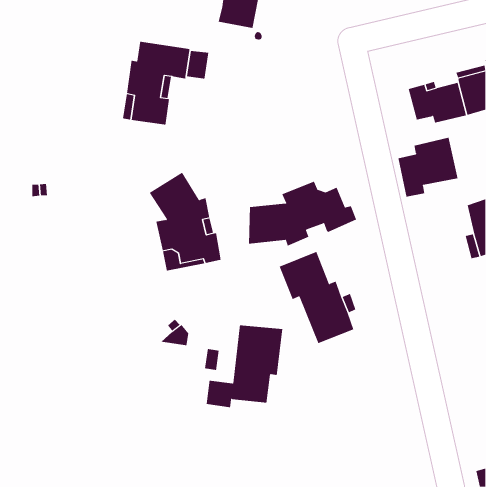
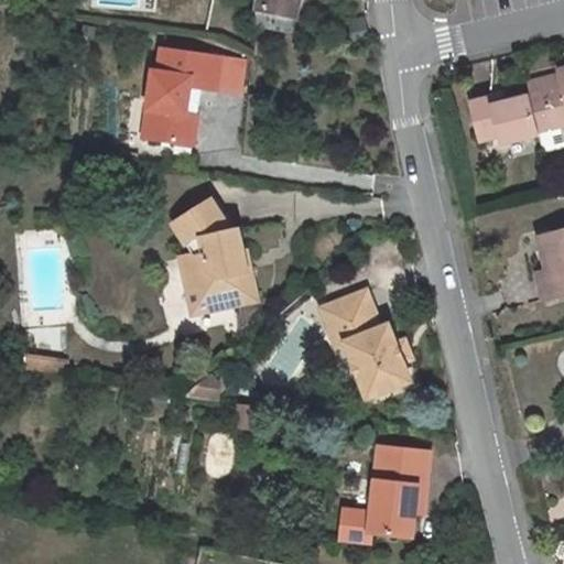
building: [398,137,458,197] -> none
building: [249,181,357,247] -> none
building: [206,325,283,408] -> [340,445,430,541]

